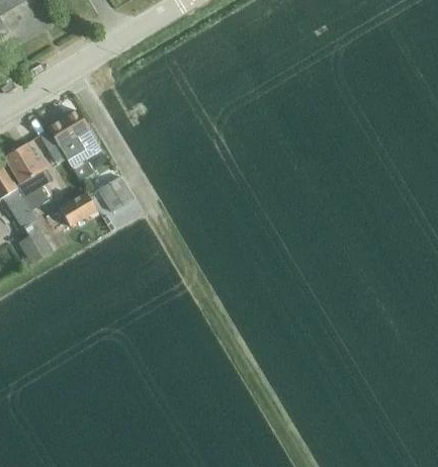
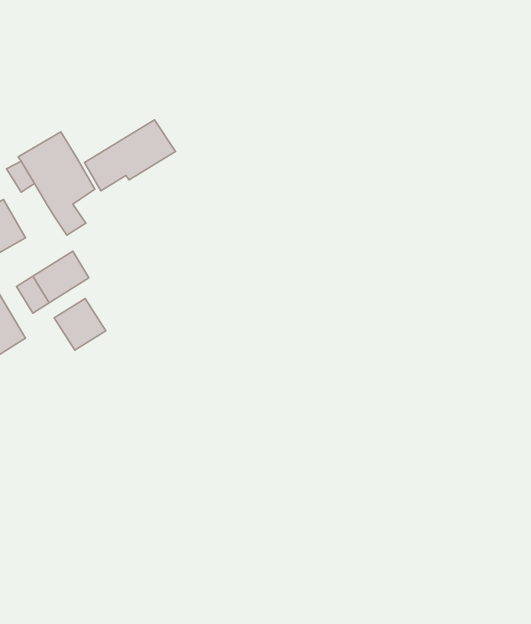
building: none -> [85,120,175,191]
building: [98,174,134,209] -> [54,299,106,350]

